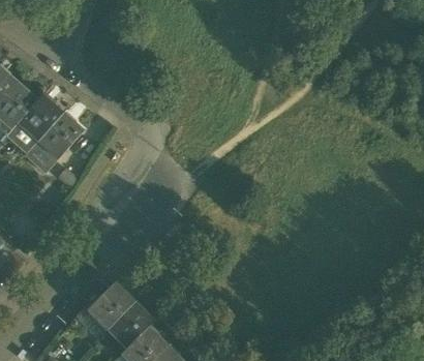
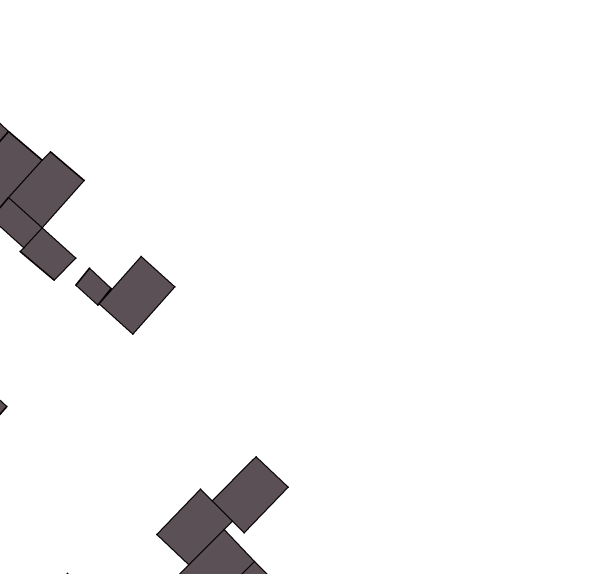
building: [37,112,84,159] -> [99,257,175,334]
building: [88,282,134,329] -> [212,457,288,533]

